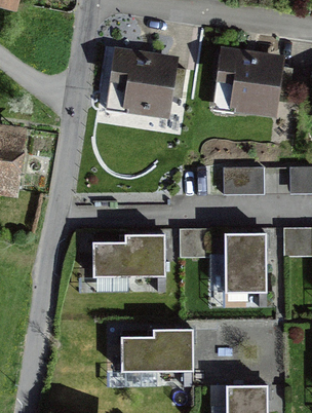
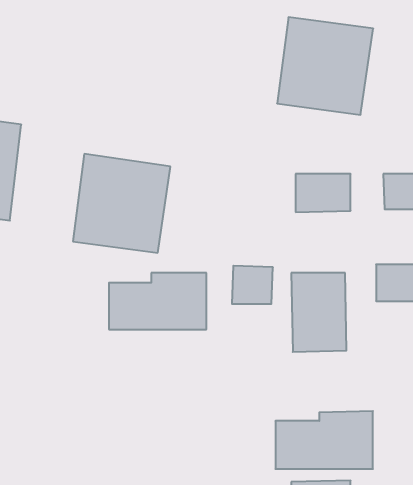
building: [106,45,177,117] -> [73,154,170,253]
building: [118,330,189,372] -> [275,411,373,469]

